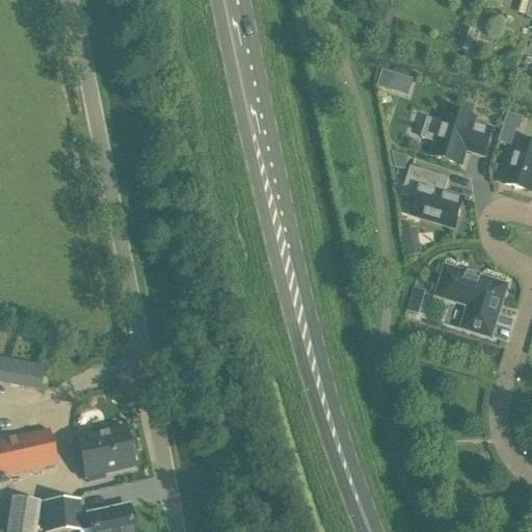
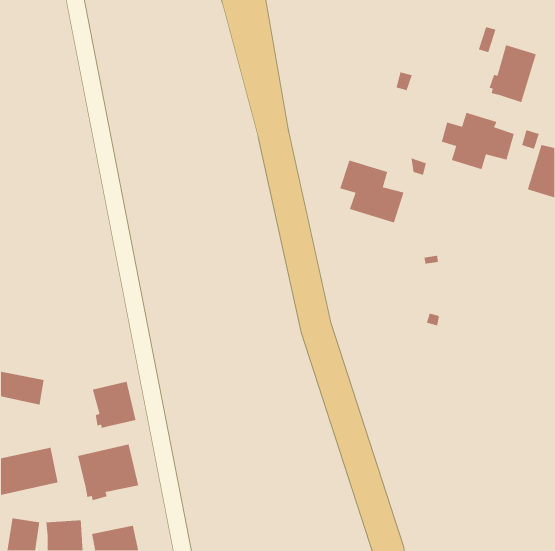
building: none -> [489,44,537,103]
building: [401,165,463,227] -> [339,160,404,224]
building: [437,266,506,334] -> none
building: none -> [92,381,137,429]

